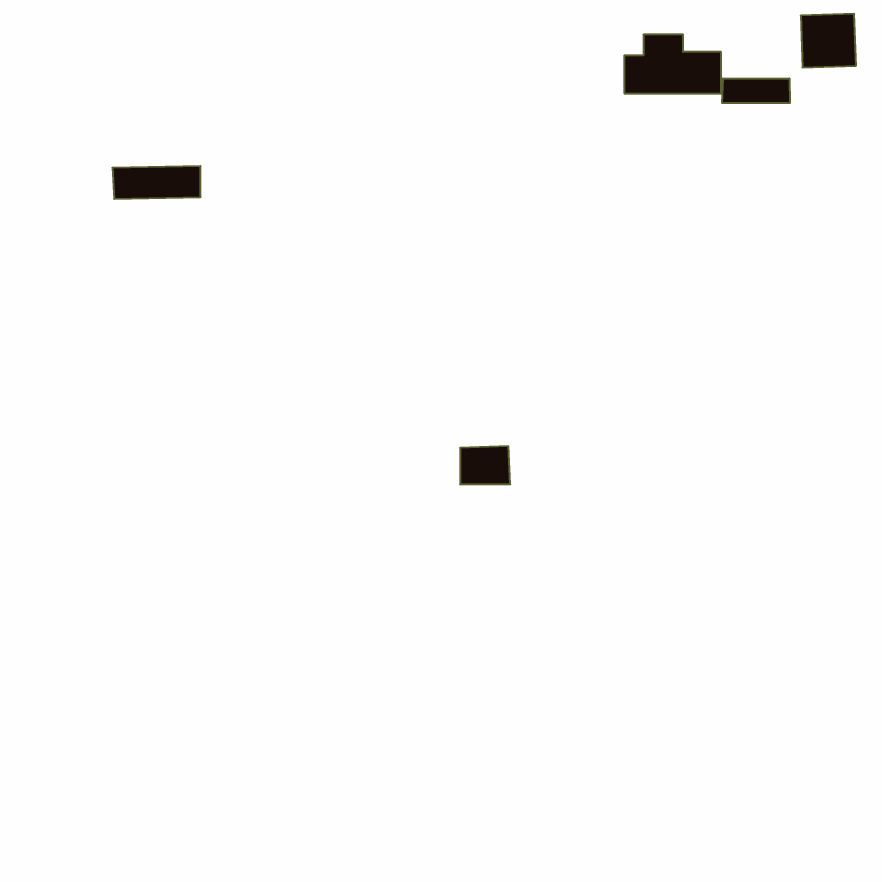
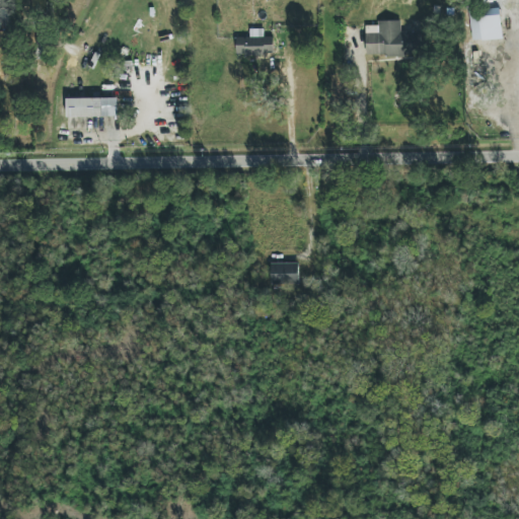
building: none -> [236,28,273,55]
building: [722,78,790,103] -> none

